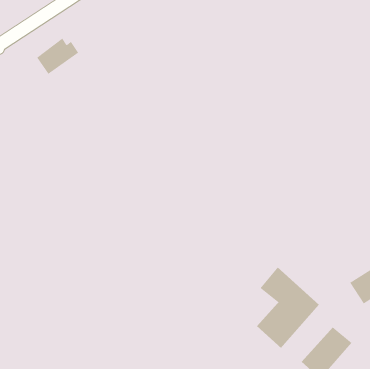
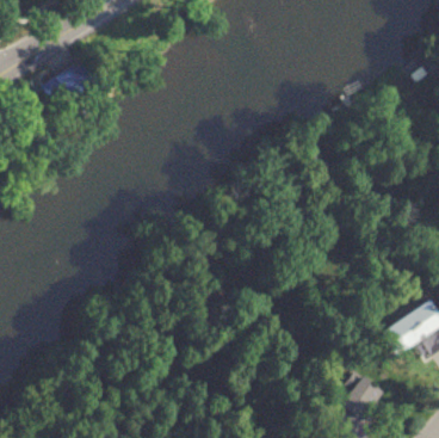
building: [256,267,320,349] -> none

